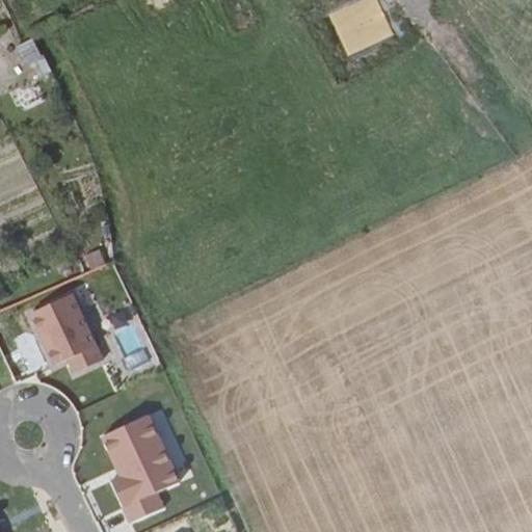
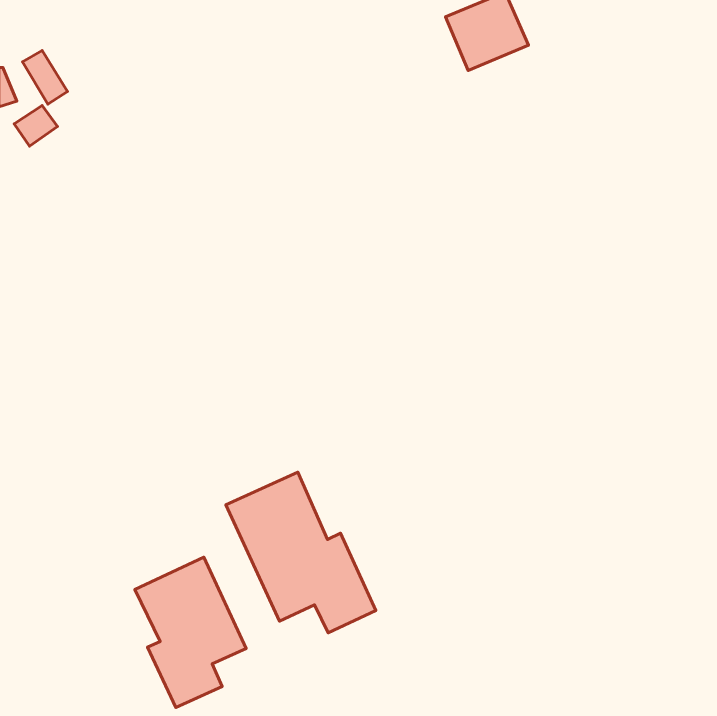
building: [27,293,103,375] -> none
building: none -> [226,472,376,633]

